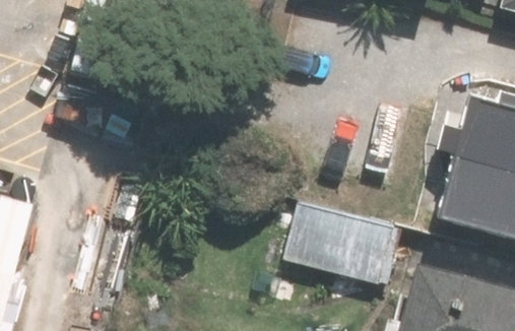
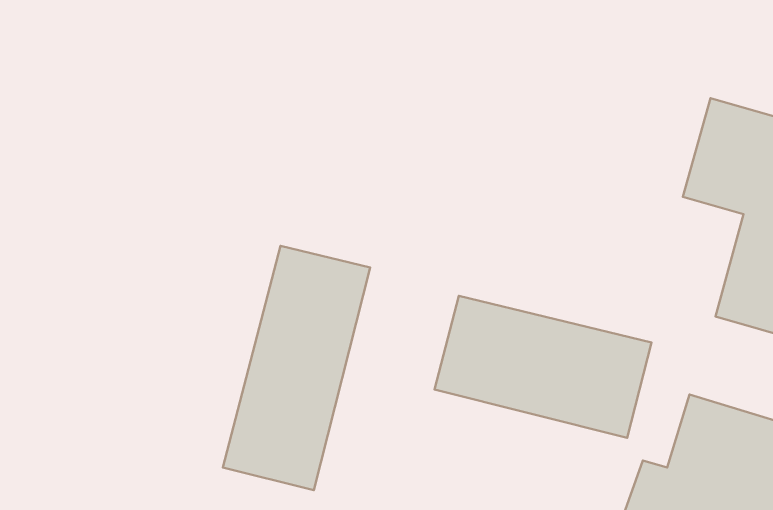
building: none -> [223,246,370,490]

